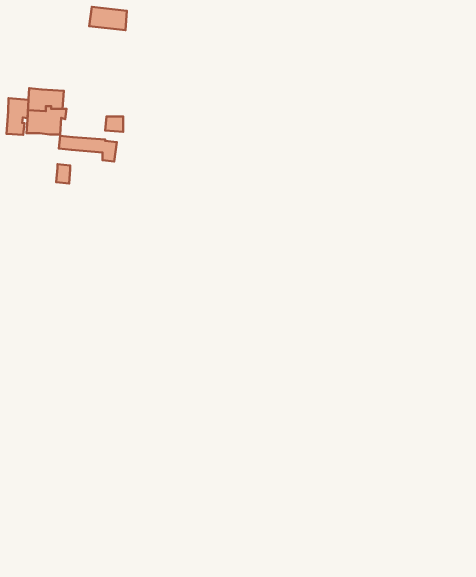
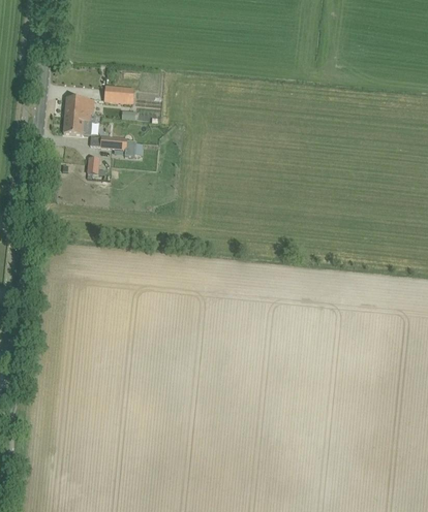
building: [89,7,127,30] -> [102,85,132,103]
building: [7,98,28,135] -> none

